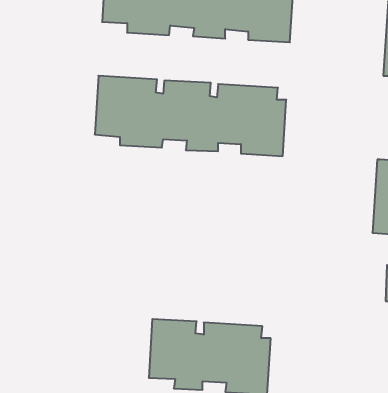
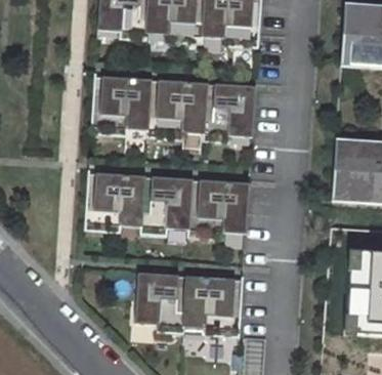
building: none -> [85,174,251,241]

